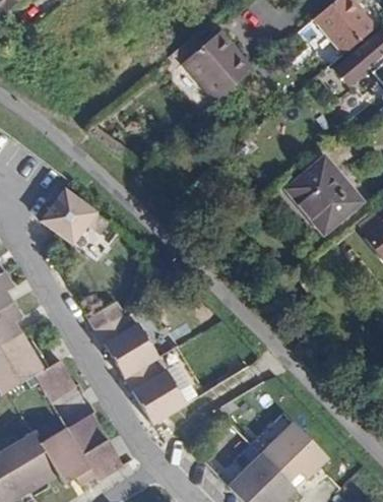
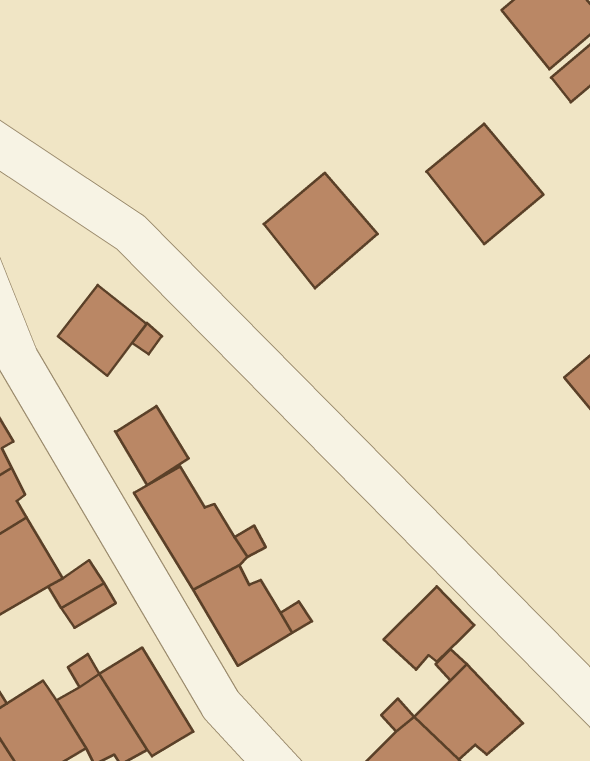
building: [184,32,254,103] -> [264,173,378,288]
building: [290,159,362,233] -> [426,124,543,244]
building: none -> [115,406,189,485]
building: none -> [384,586,474,670]

